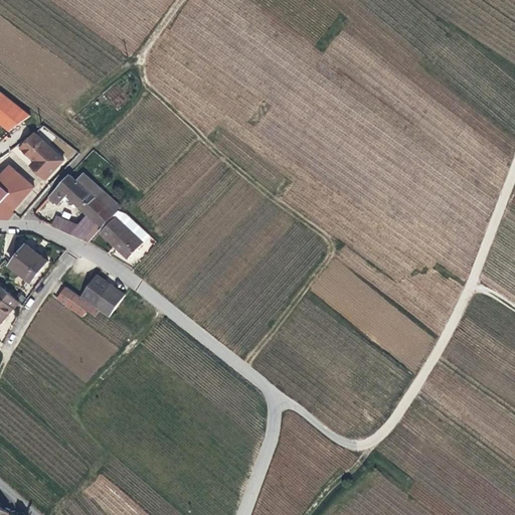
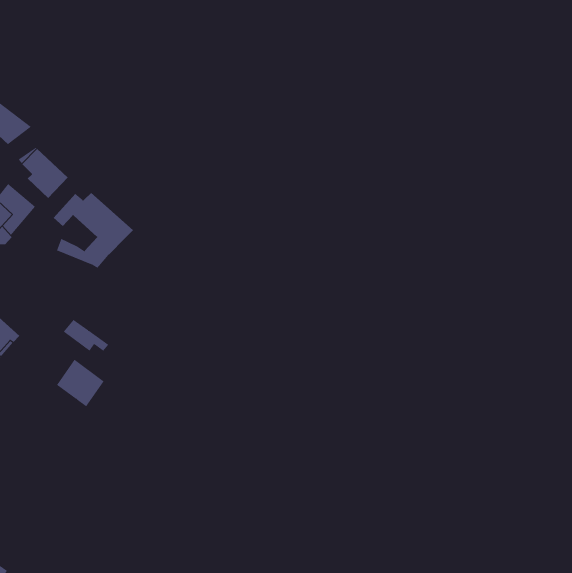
building: [98,214,141,259] -> none
building: [9,244,46,281] -> none
building: [79,274,123,317] -> [56,359,104,407]

